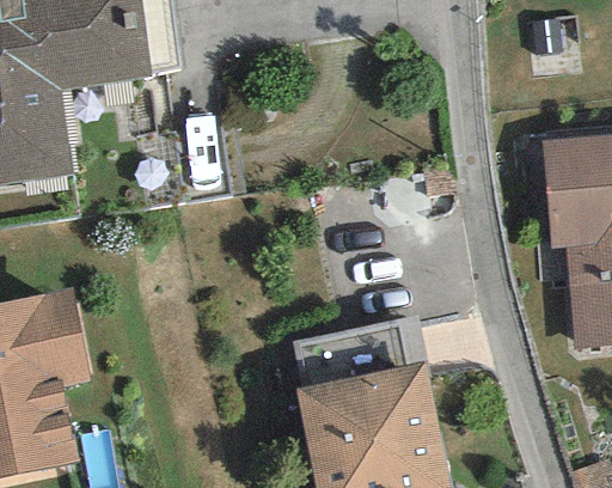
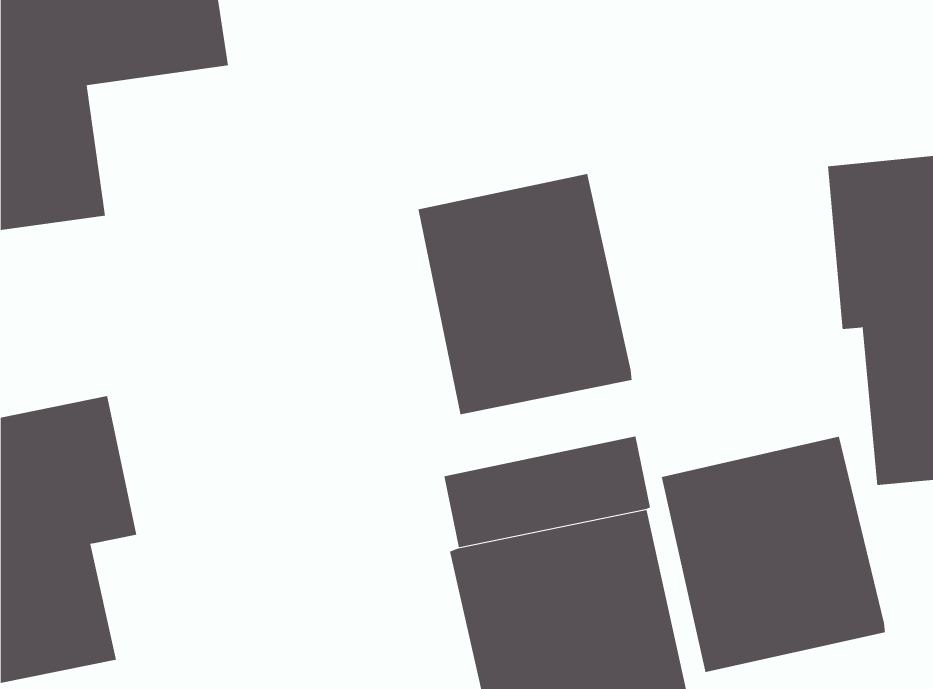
building: none -> [418,173,632,415]
building: none -> [661,436,885,673]

